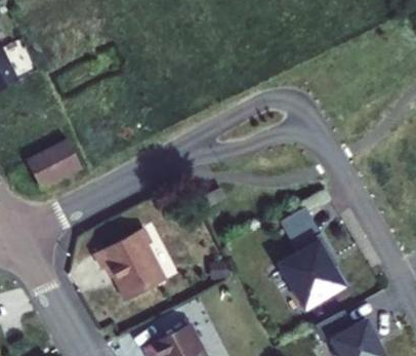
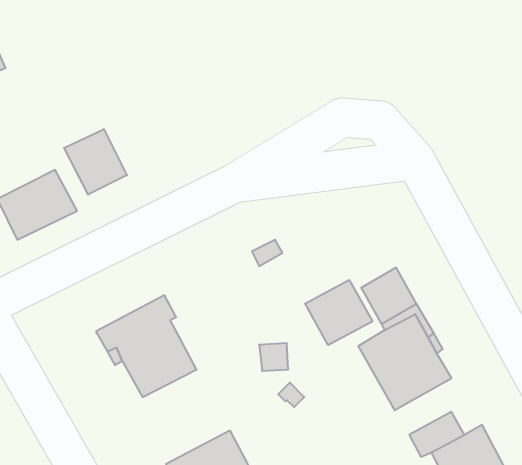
building: none -> [64,129,127,195]
building: none -> [305,280,372,345]

